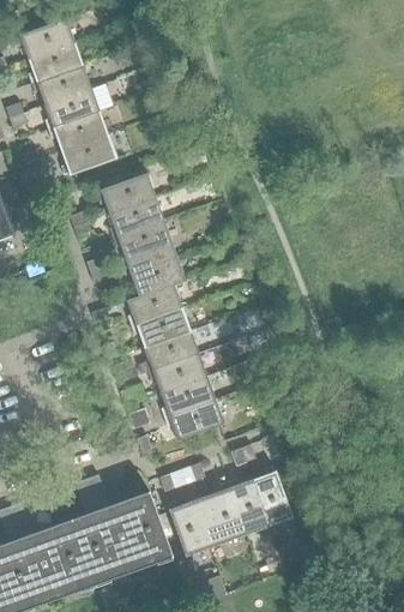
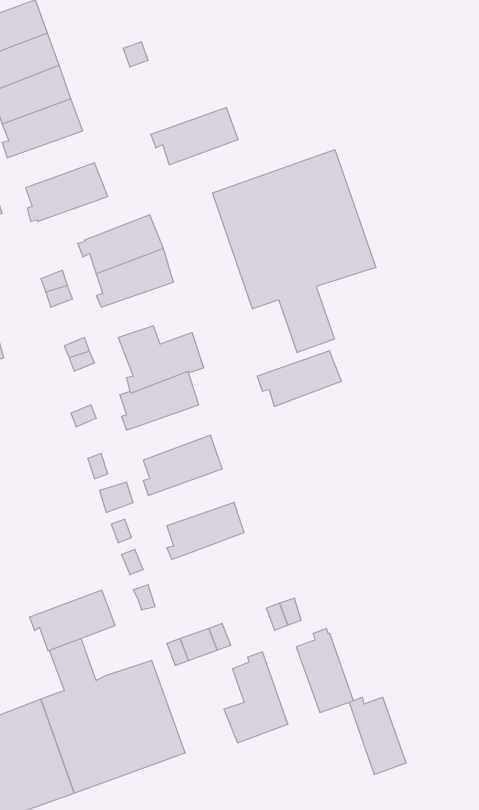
building: [46,112,108,152] -> [151,108,238,165]
building: none -> [213,150,376,353]
building: [113,220,177,264] -> none
building: [131,307,191,347] -> [257,351,341,406]
building: [146,353,207,394] -> none
building: [163,398,224,442] -> [29,590,115,651]
building: [228,480,269,535] -> [349,697,406,775]
building: [168,496,215,557] -> none

